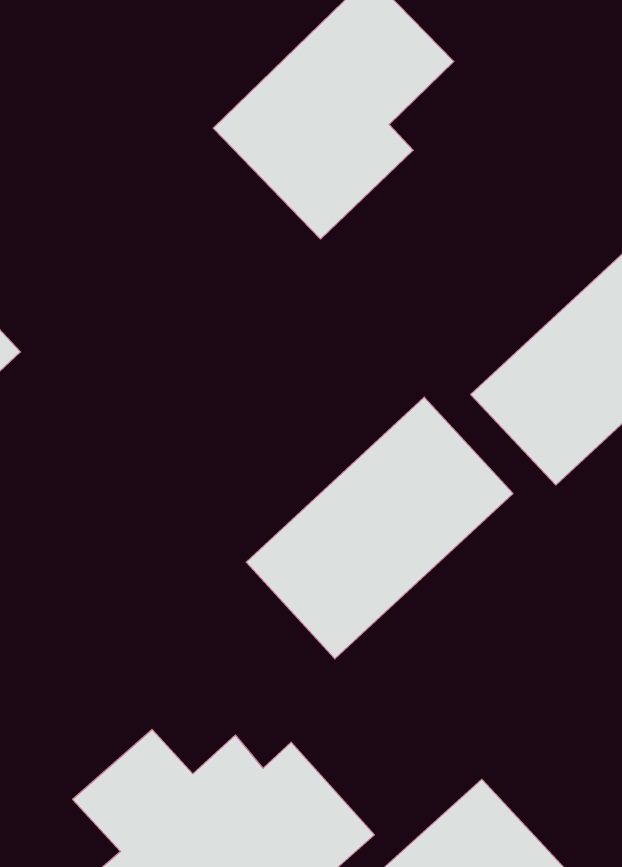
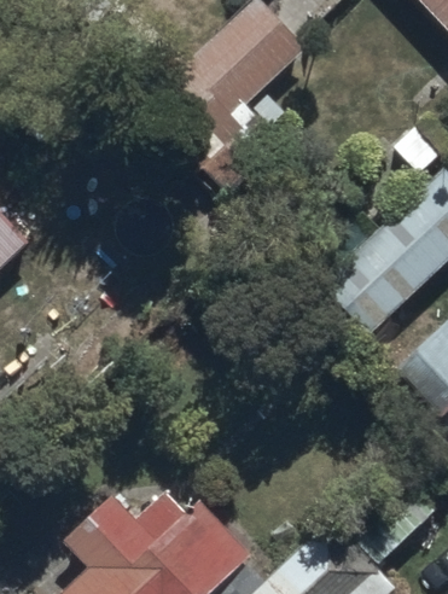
building: [246,397,513,659] -> none

